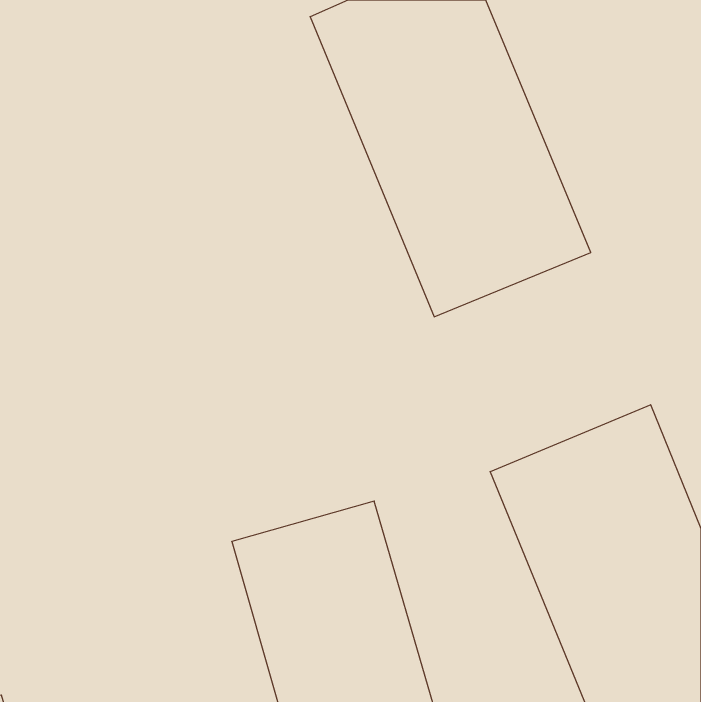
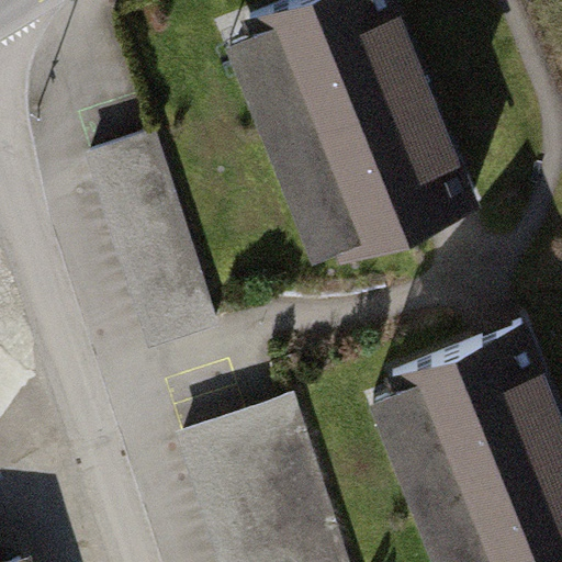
building: none -> [80,136,211,341]

